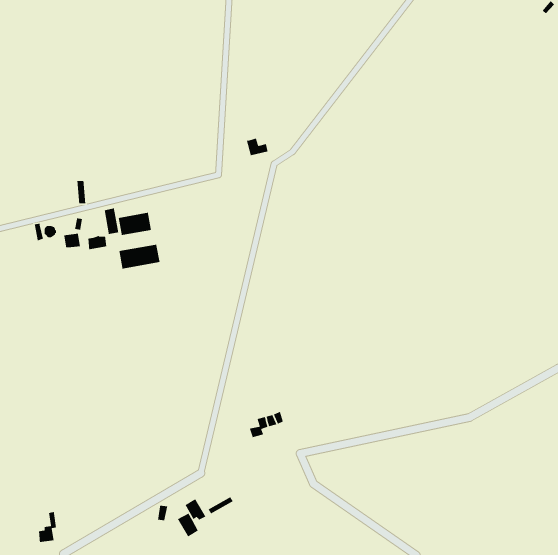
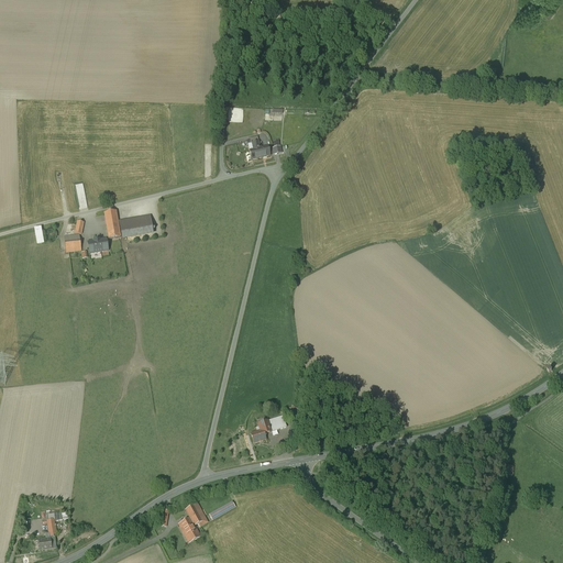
building: [118,244,160,269] -> none

